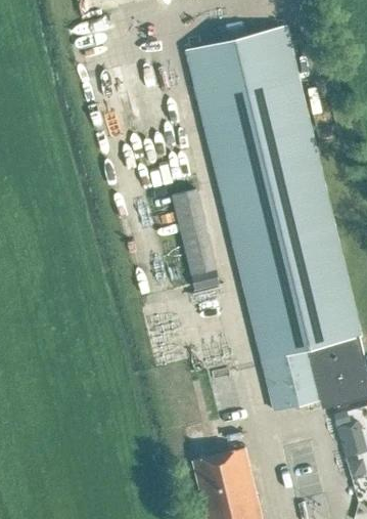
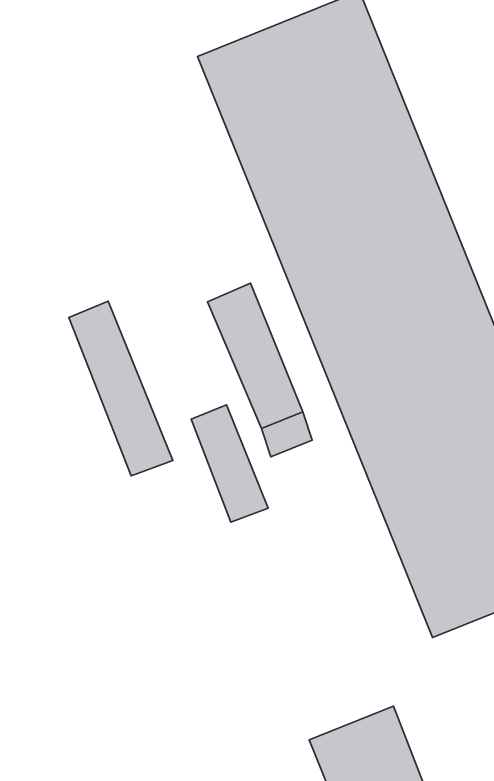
building: none -> [69,301,173,476]
building: none -> [191,405,268,522]

